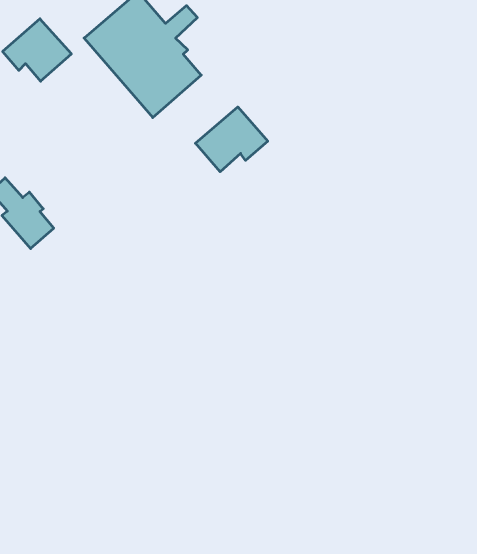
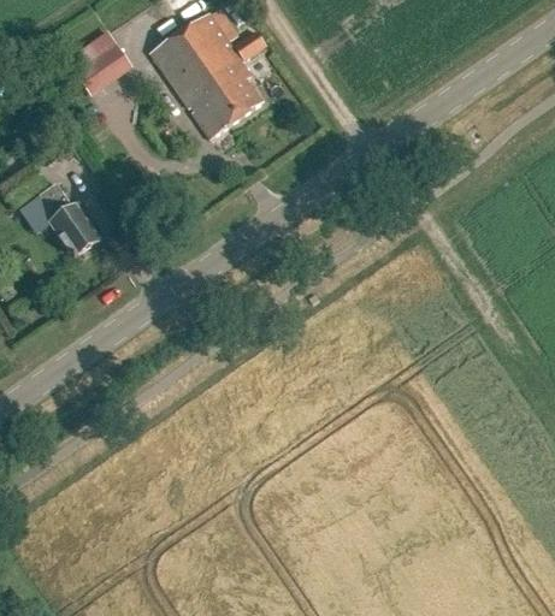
building: [195,107,268,172] -> none

